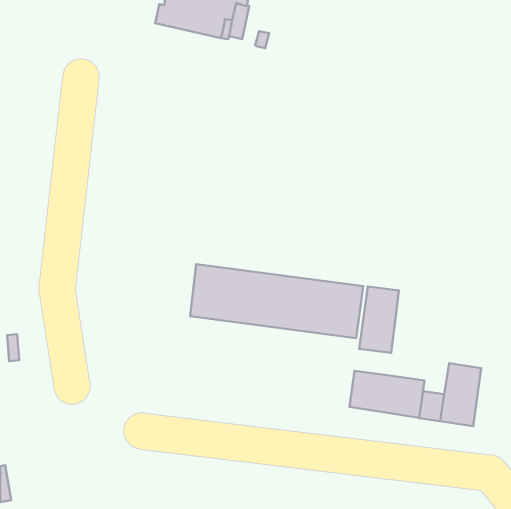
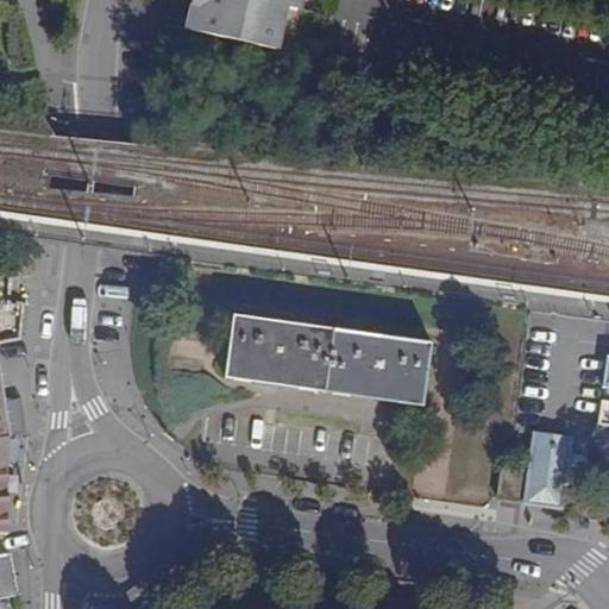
building: [359,287,399,353] -> none
building: [350,371,424,418] -> none

